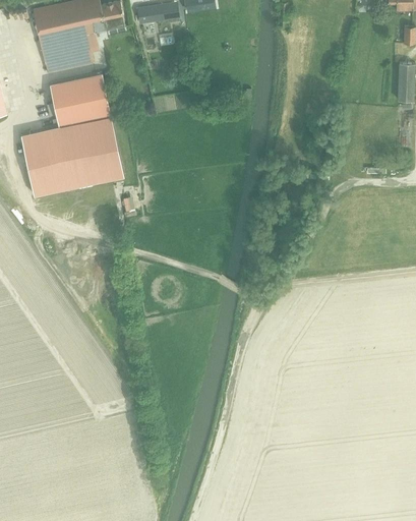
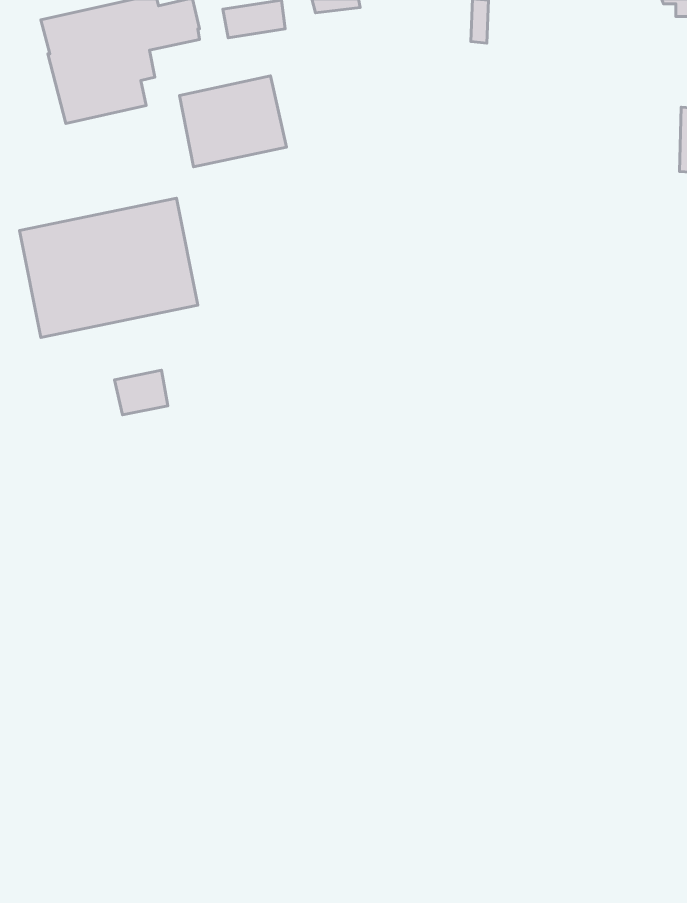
building: [49,72,110,124] -> [179,76,286,167]
building: none -> [115,370,168,415]

